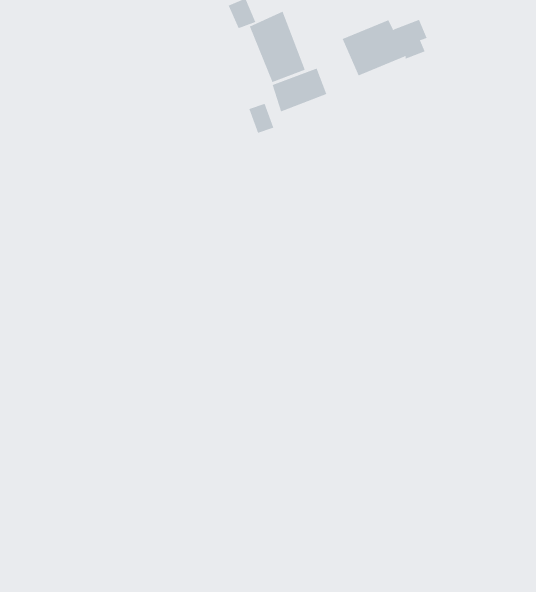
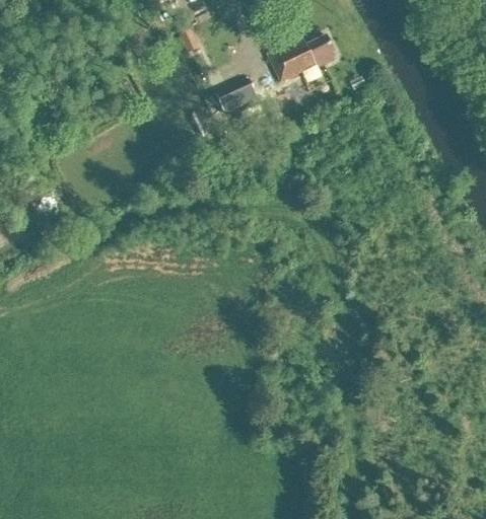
building: [249,11,306,83] -> none

